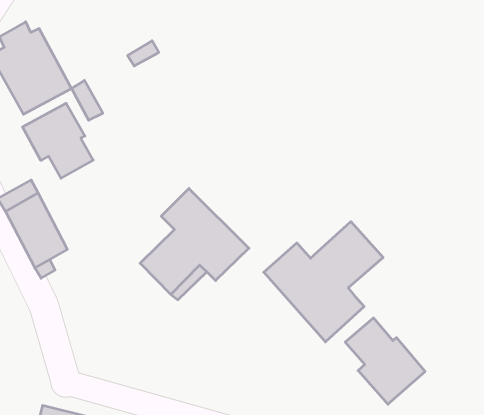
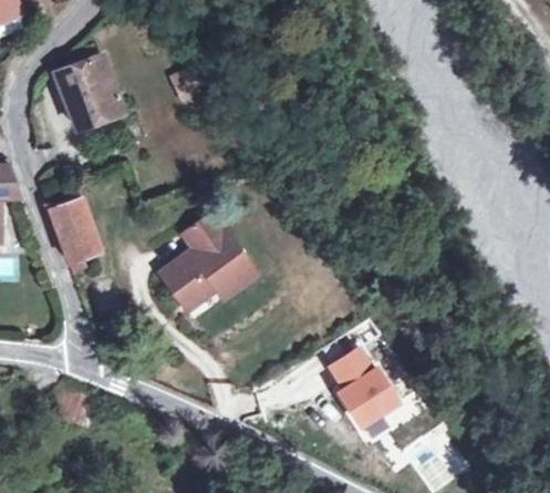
building: [23,103,93,178] -> none
building: [264,222,383,342] -> none

